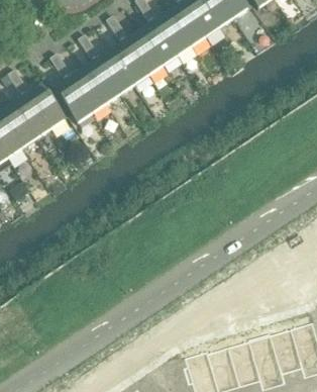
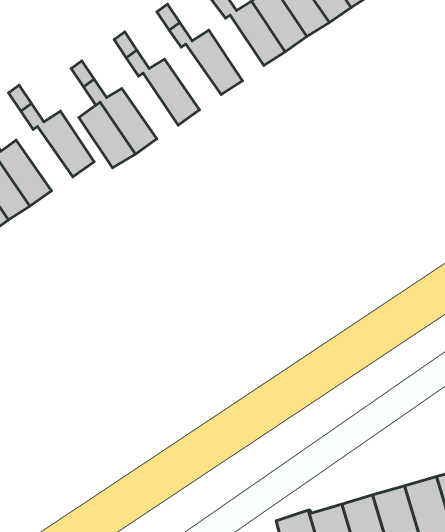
building: [141,24,178,68] -> none
building: [112,43,149,87] -> none
building: [84,63,121,106] -> none
building: [14,98,51,140] -> none

